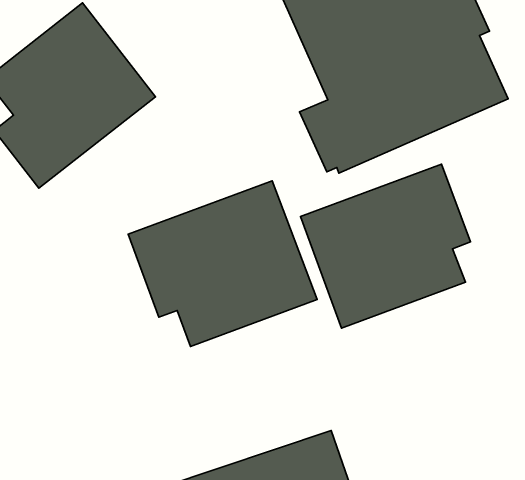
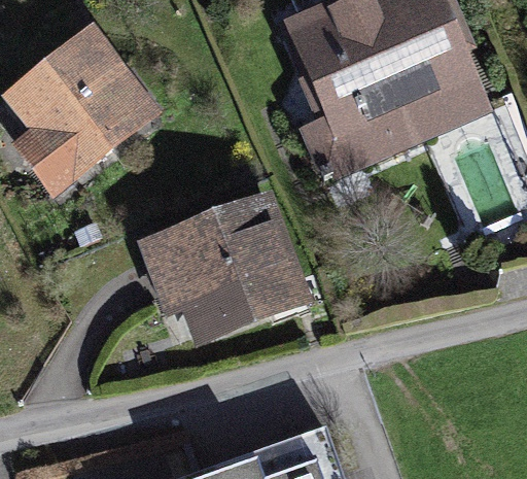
building: [301,164,471,328] -> none

